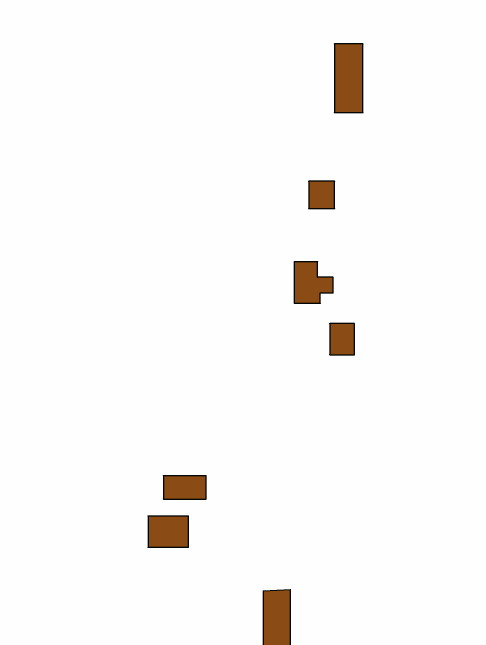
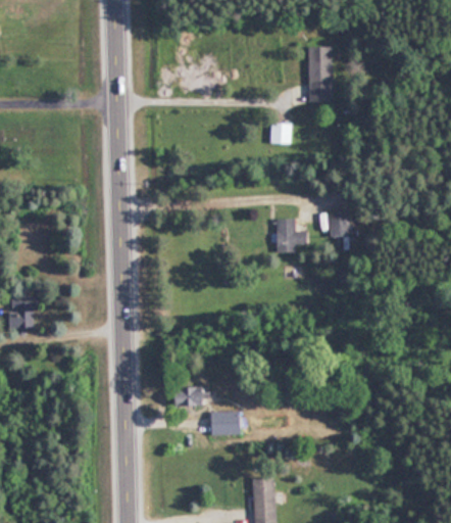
building: [309,181,335,209] -> [271,123,292,144]
building: [330,324,354,355] -> [330,212,349,237]
building: [148,516,188,547] -> [210,411,242,435]

